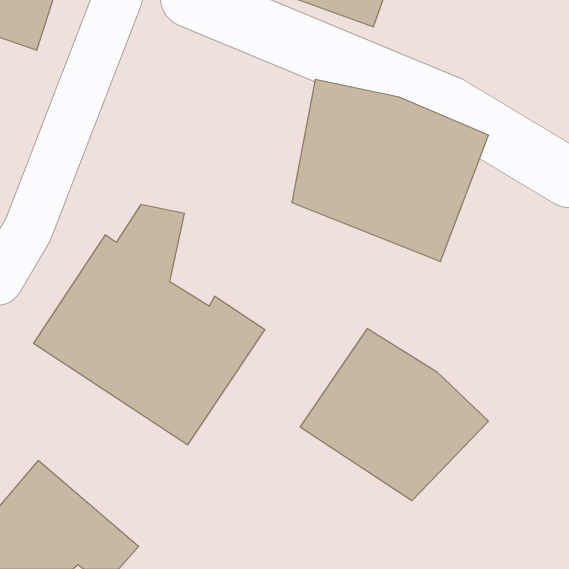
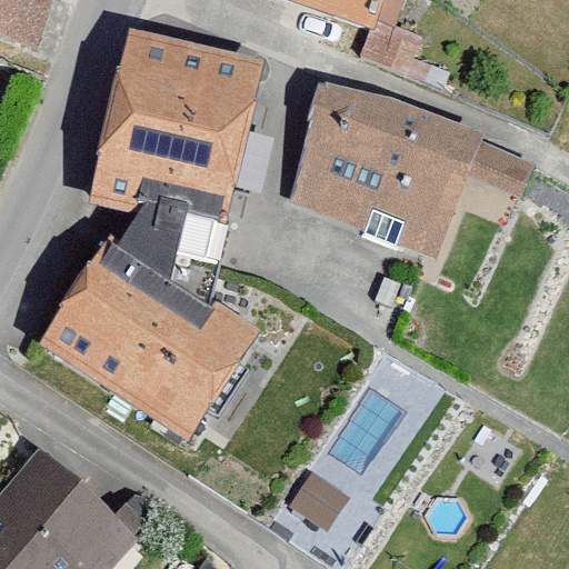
building: none -> [93,28,262,222]
building: [300,328,488,501] -> none

